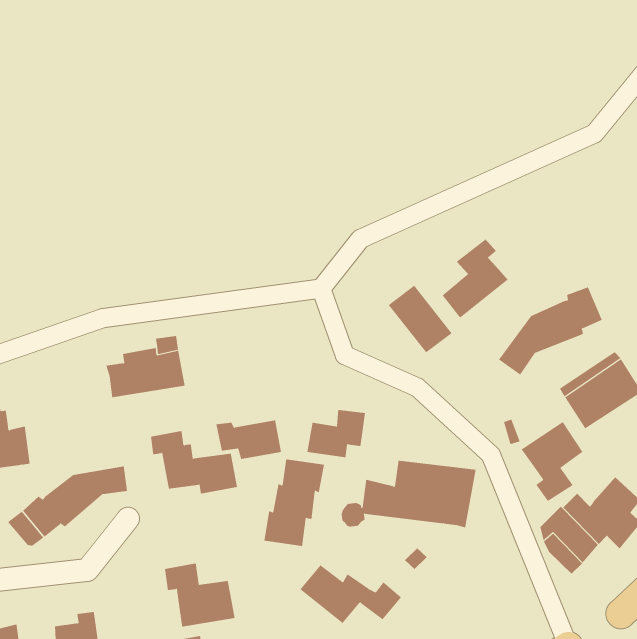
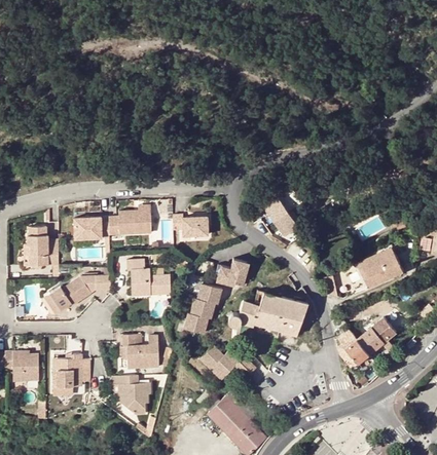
building: [442,239,509,318] -> none
building: [498,287,603,375] -> none
building: none -> [73,218,108,239]
building: [216,420,282,459] -> [173,214,208,235]
building: [521,421,583,502] -> none

